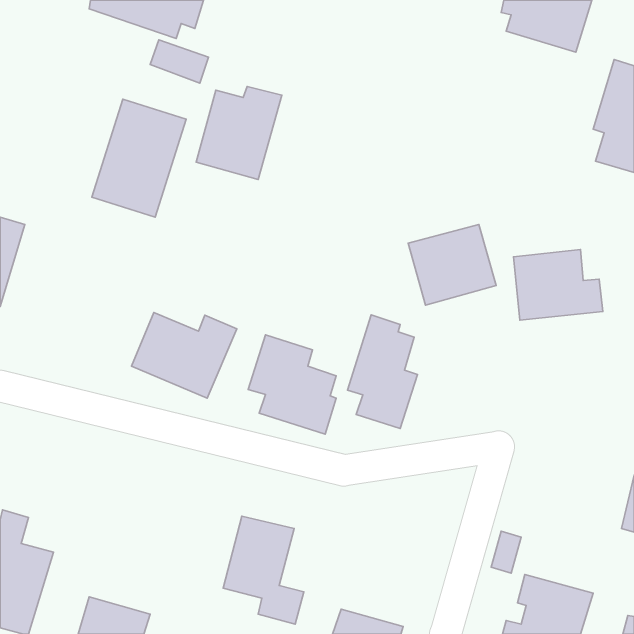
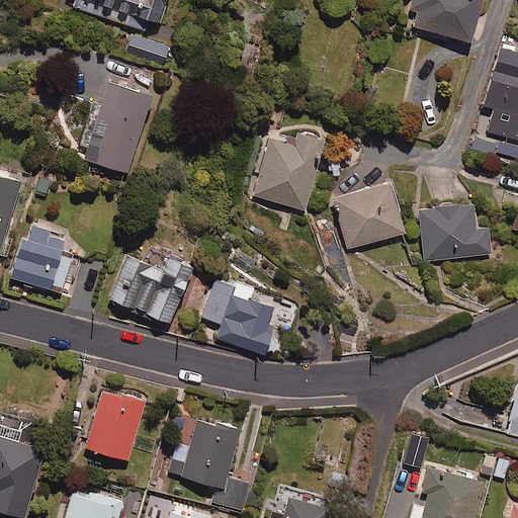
building: [196,86,282,179] -> [254,135,324,210]
building: none -> [11,224,80,292]
building: [348,315,417,428] -> none
building: none -> [86,391,145,461]

